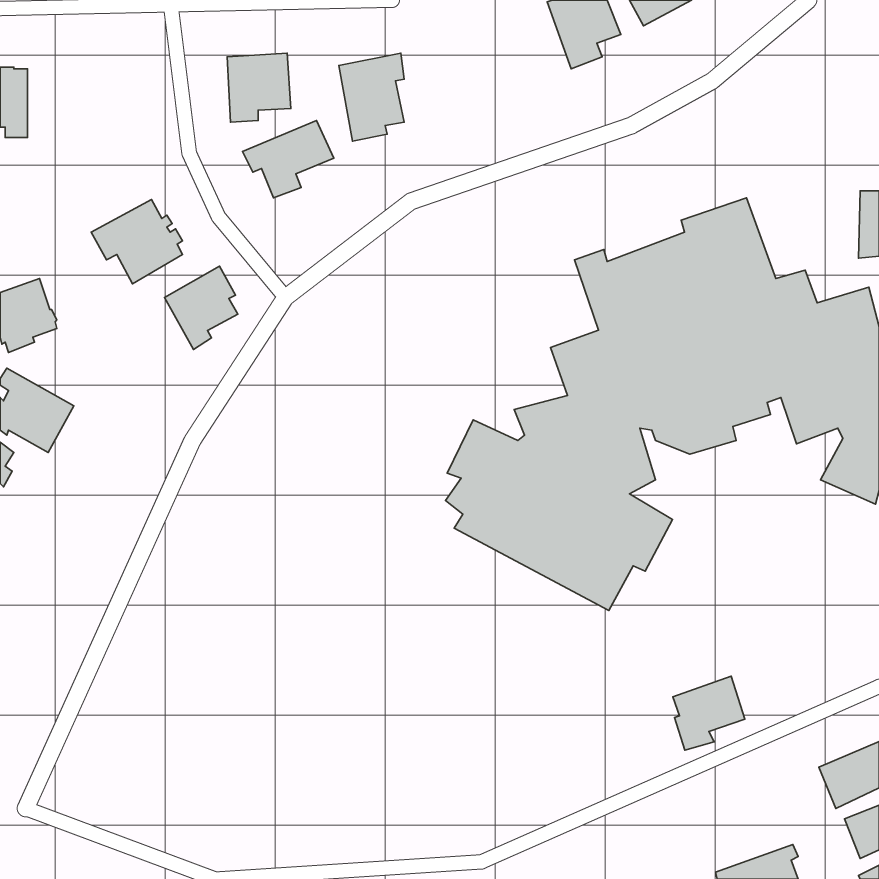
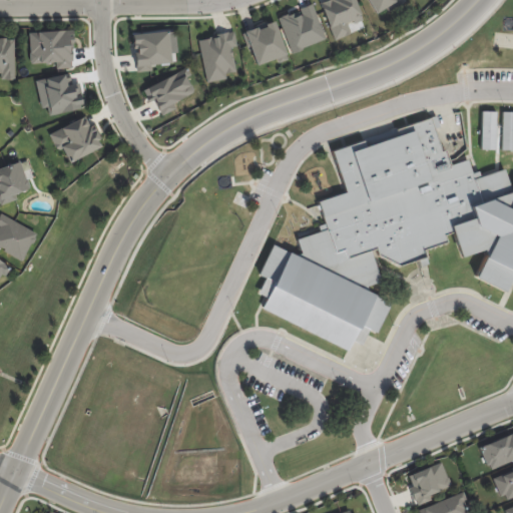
building: none -> [278,5,324,51]
building: none -> [243,20,285,64]
building: none -> [28,30,72,68]
building: none -> [35,73,83,115]
building: none -> [480,111,495,149]
building: [164,266,238,350] -> none
building: [673,676,745,750] -> [407,462,449,505]

